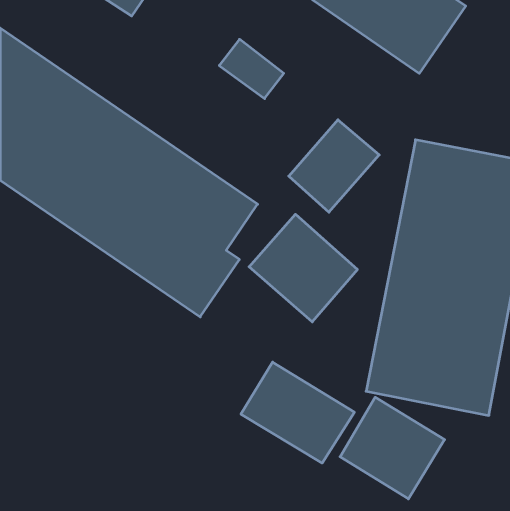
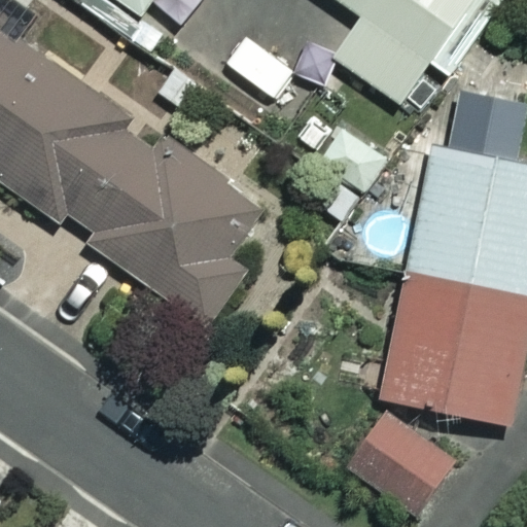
building: [249,214,357,322] -> none
building: [241,362,354,463] -> none

